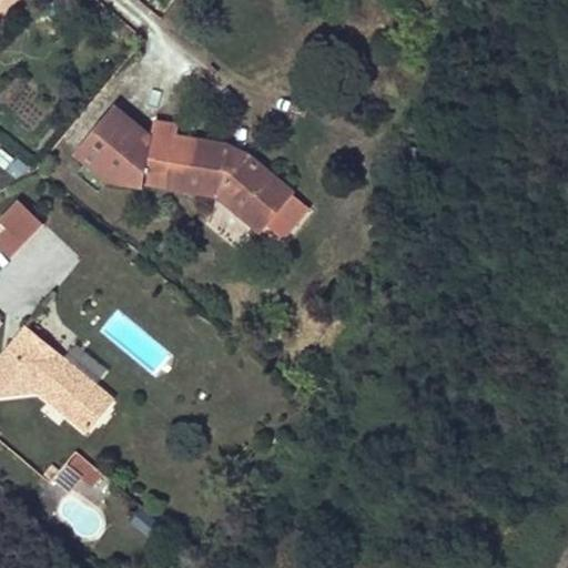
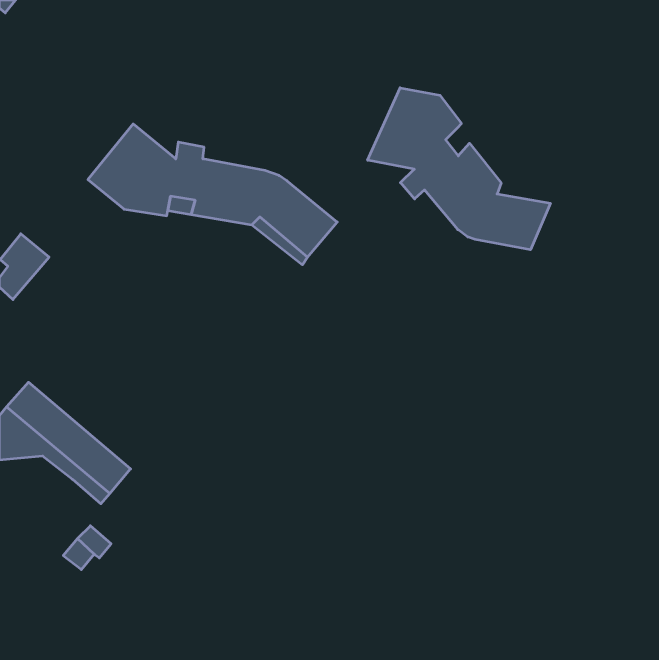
building: none -> [368,88,550,250]
building: [264,191,307,236] -> none

